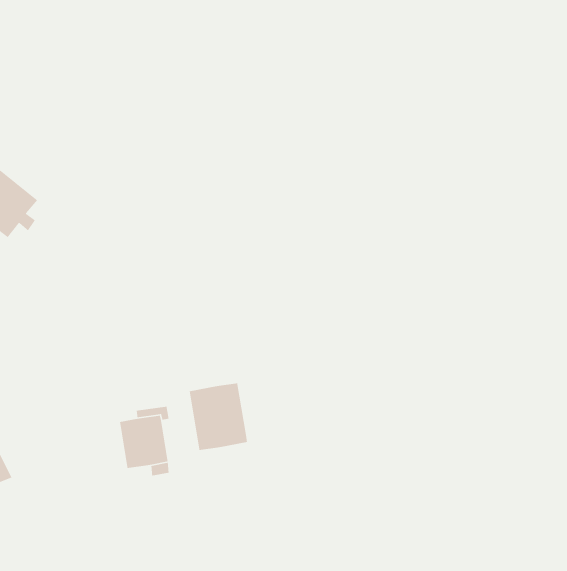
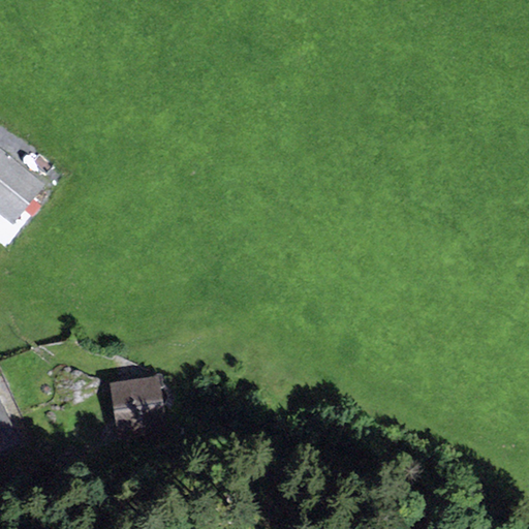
building: [189,382,248,451] -> none

